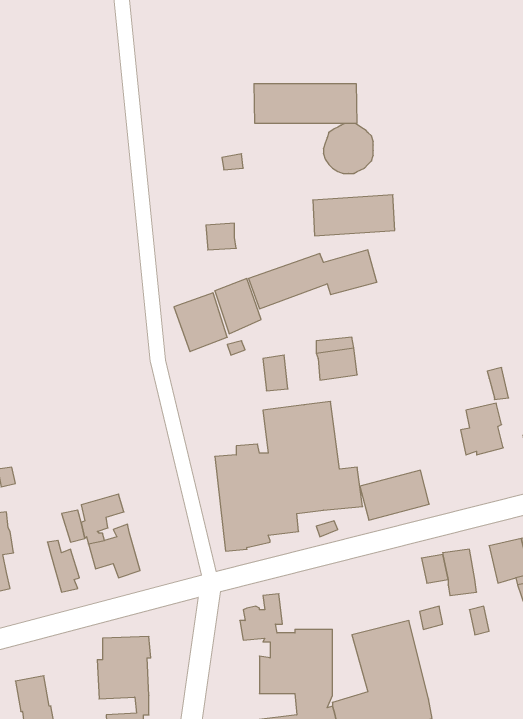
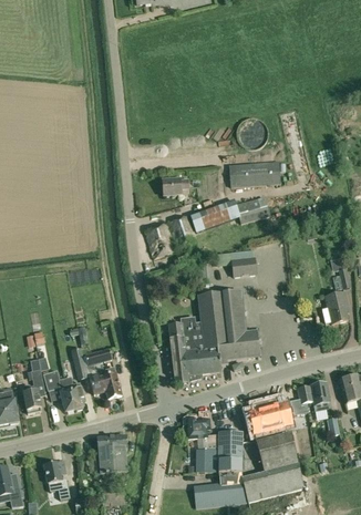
building: [254,84,357,123] -> none
building: [360,470,429,520] -> [248,403,291,434]
building: none -> [43,371,73,411]

